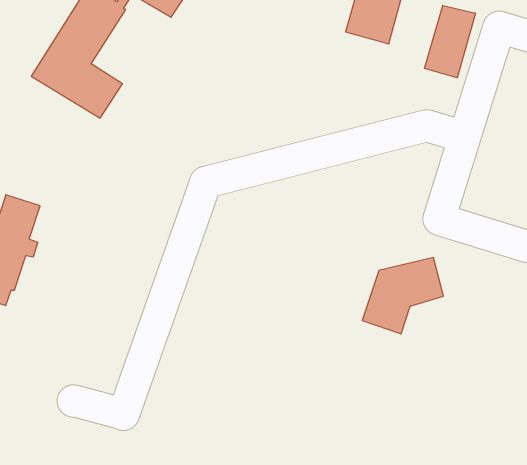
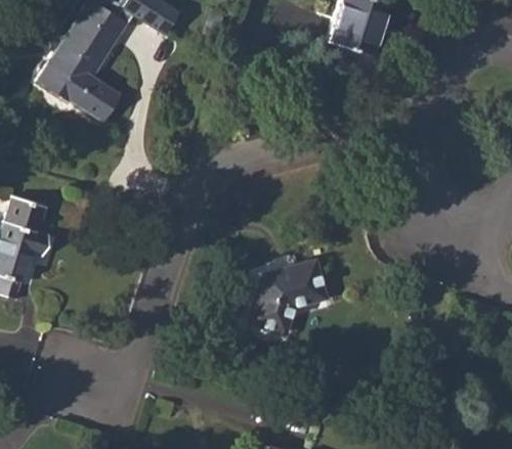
building: [424,5,475,78] -> none
building: [362,257,443,334] -> [246,262,321,332]

